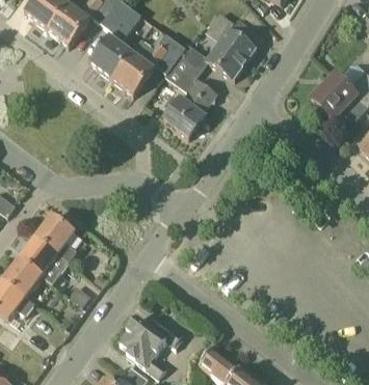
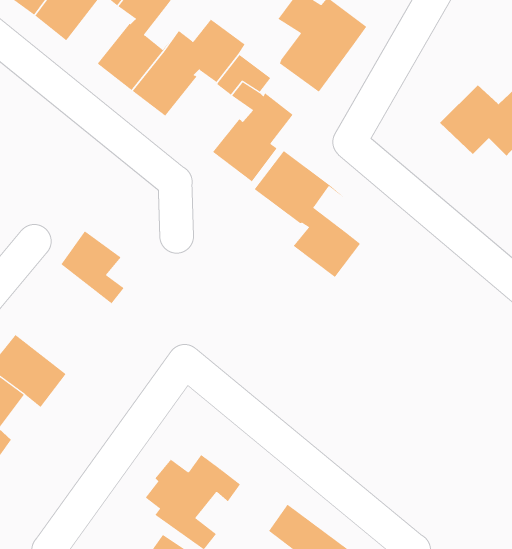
building: none -> [254,150,361,278]
building: [34,215,76,263] -> [61,230,125,304]

